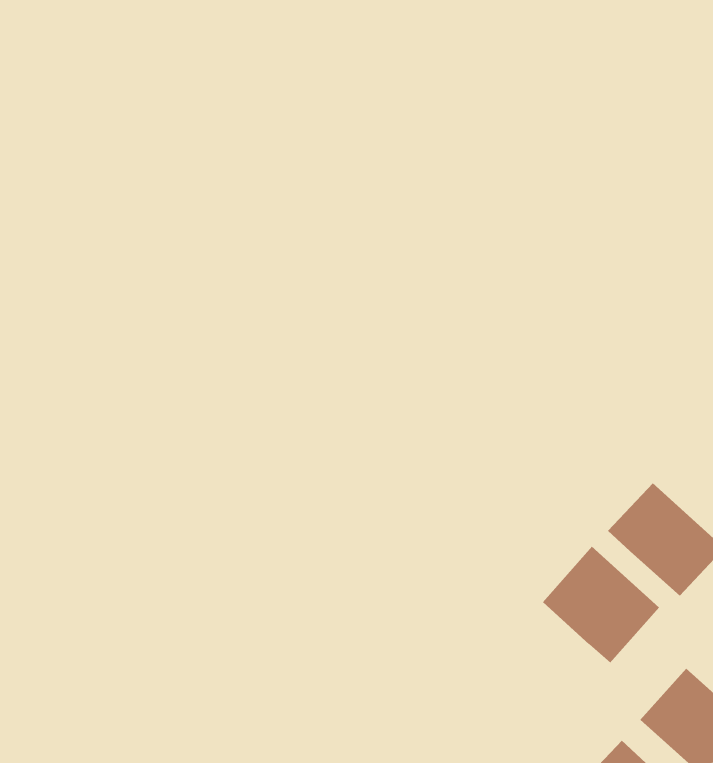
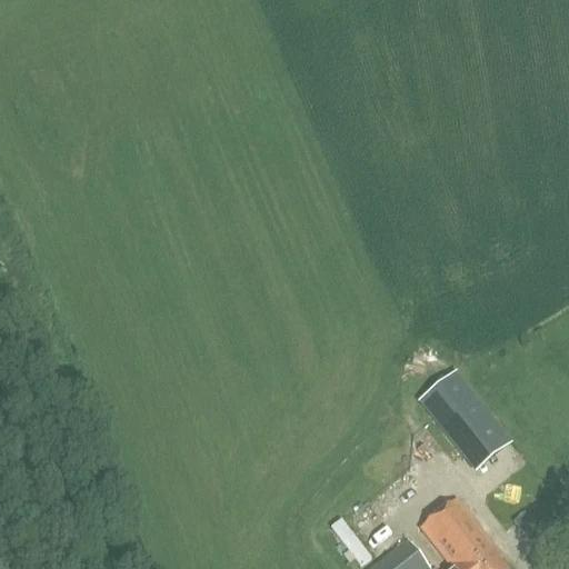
building: [542,546,660,664] -> none

